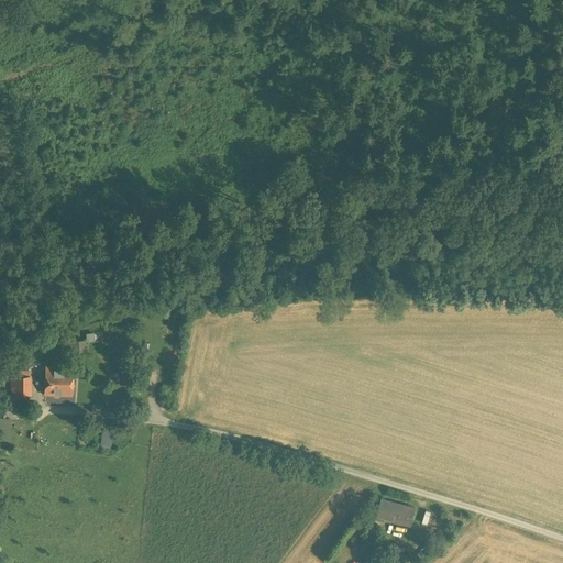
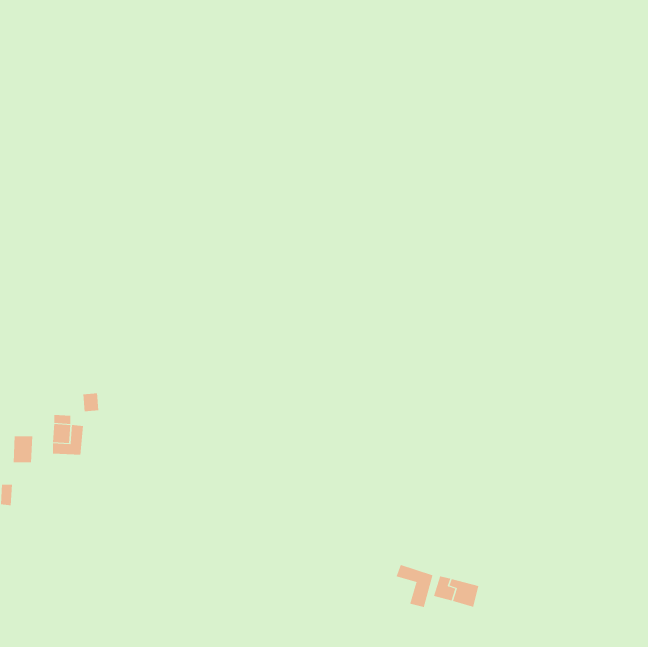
building: none -> [396,564,433,608]

